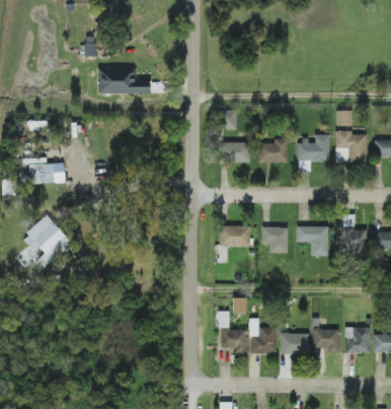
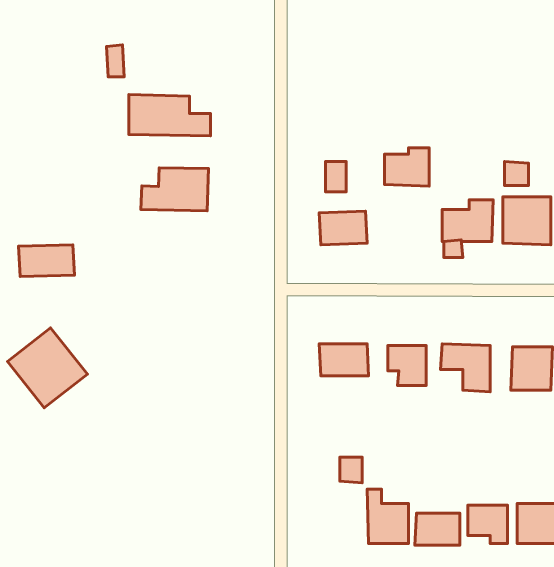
building: none -> [141,168,209,211]
building: [258,138,287,162] -> [384,148,429,186]
building: [219,311,246,351] -> none

